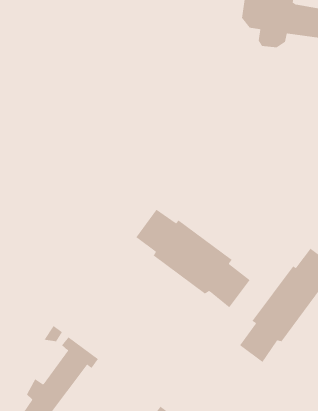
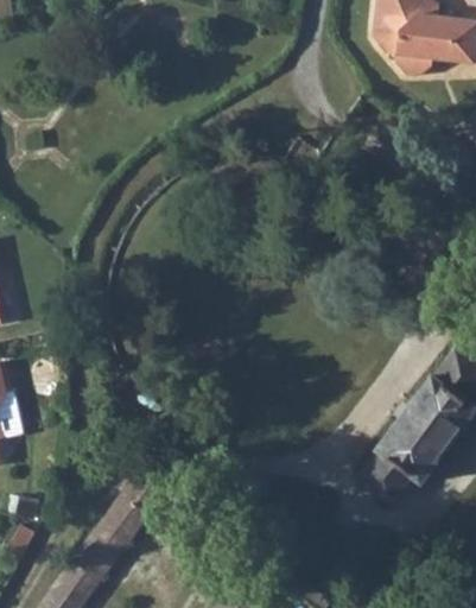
building: [135,209,250,308] -> none

